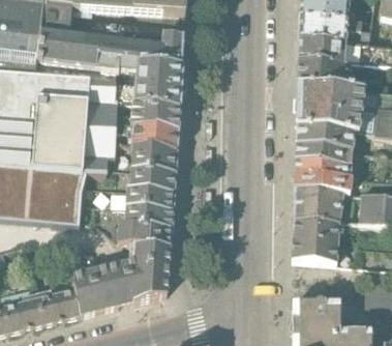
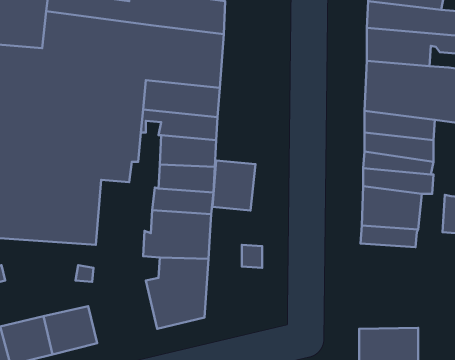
building: none -> [212,161,256,210]
building: [293,231,338,261] -> none
building: [73,261,129,312] -> none

